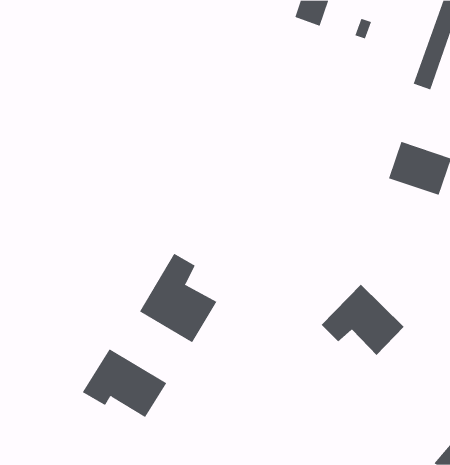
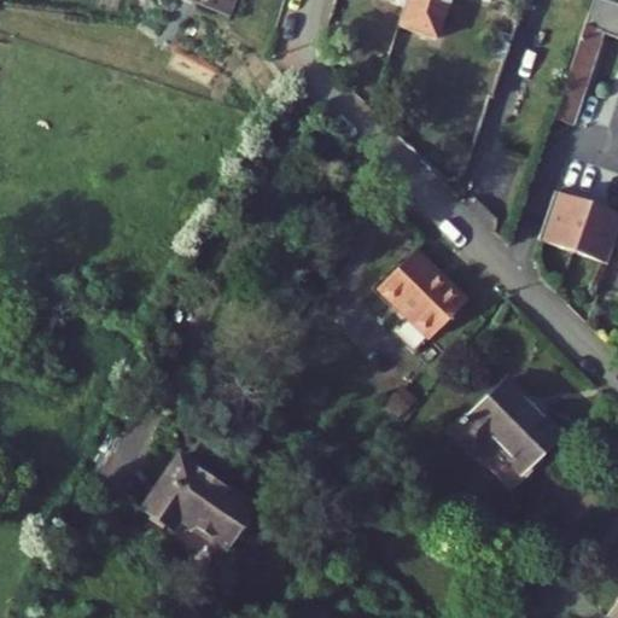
building: none -> [373,251,464,355]
building: [139,253,217,343] -> none

